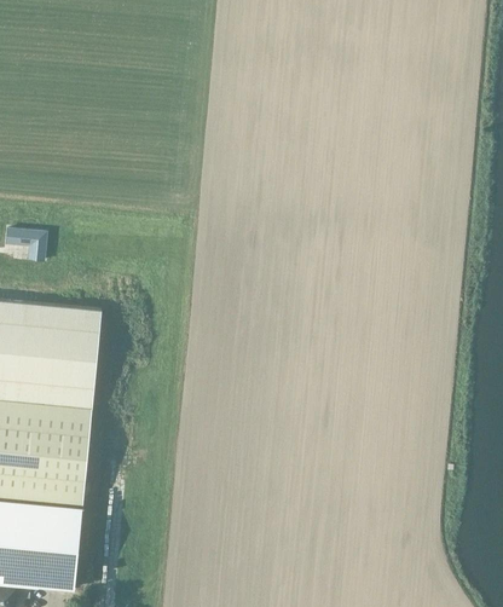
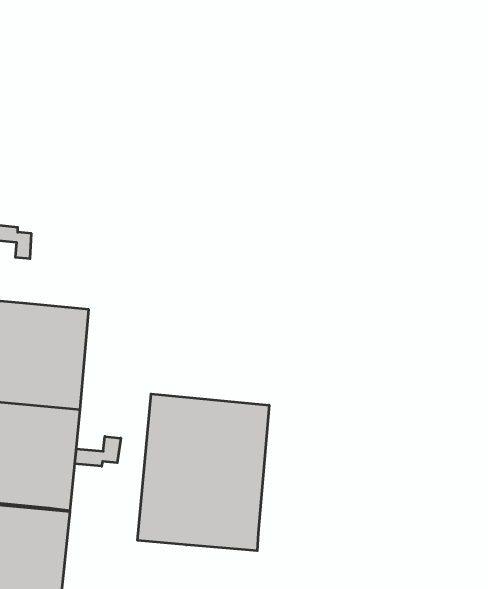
building: none -> [138,394,269,551]
building: none -> [75,436,121,466]

